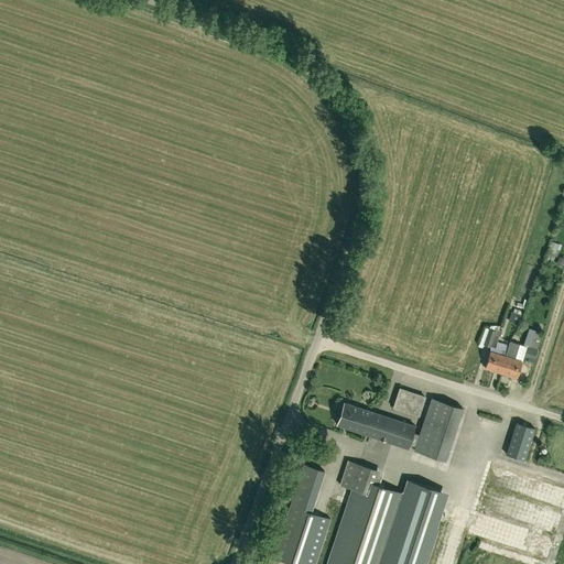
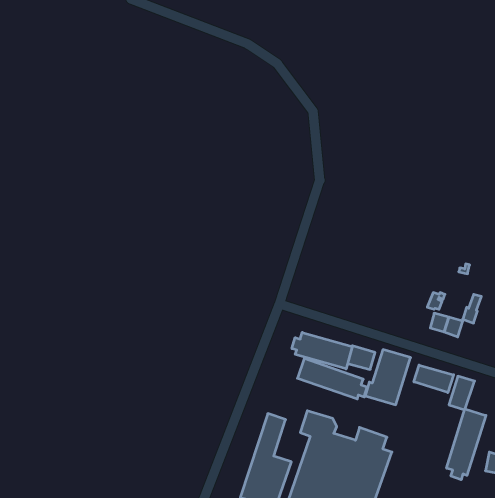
building: none -> [292,332,352,369]
building: none -> [414,365,454,393]
building: none -> [447,409,486,480]

